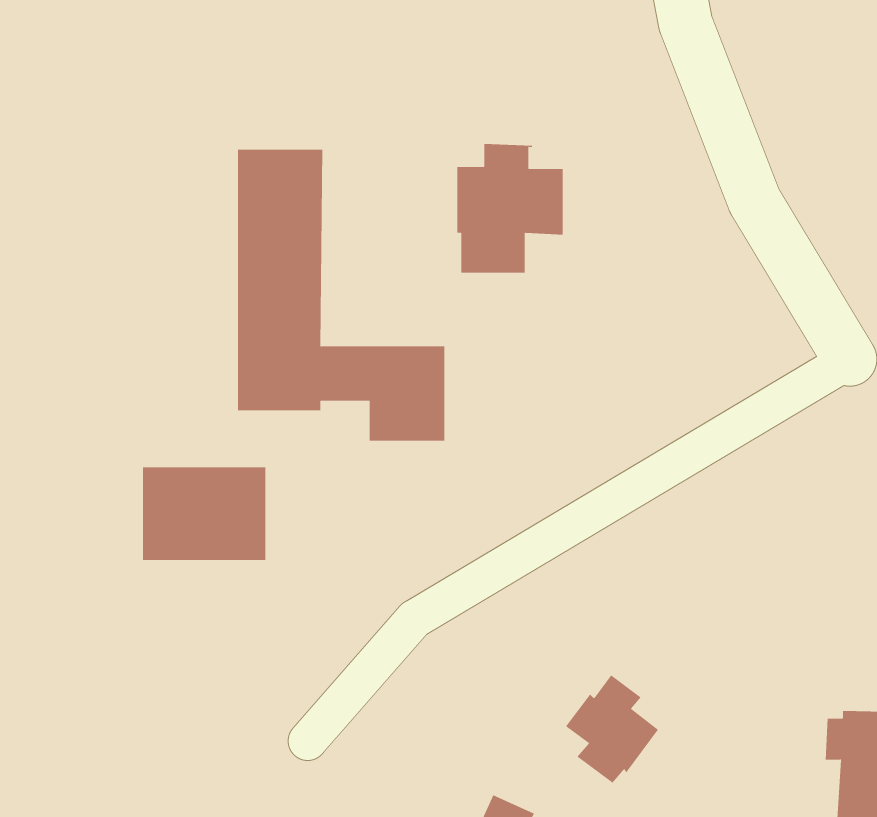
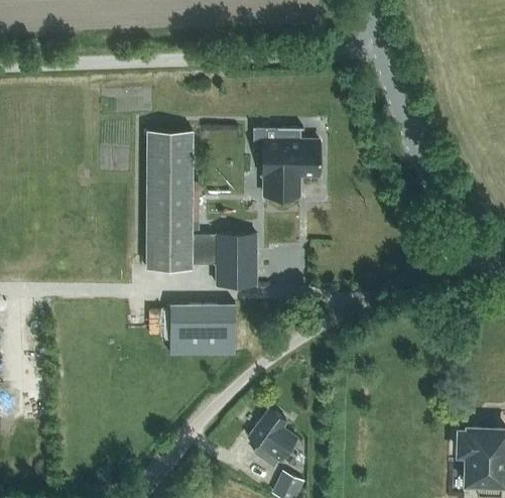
building: [142,467,266,560] -> [170,305,236,355]
building: [565,675,659,783] -> [246,411,295,469]

